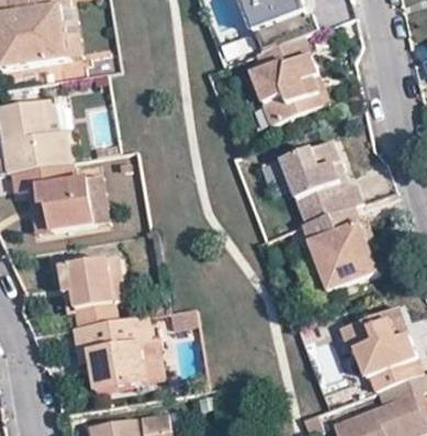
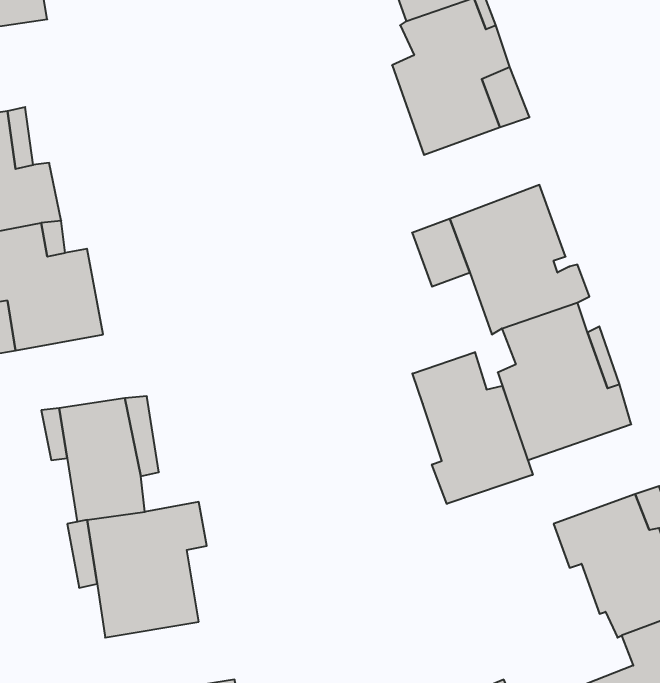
building: none -> [412,352,533,504]

